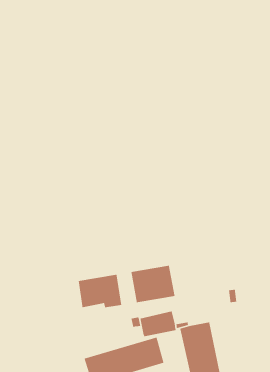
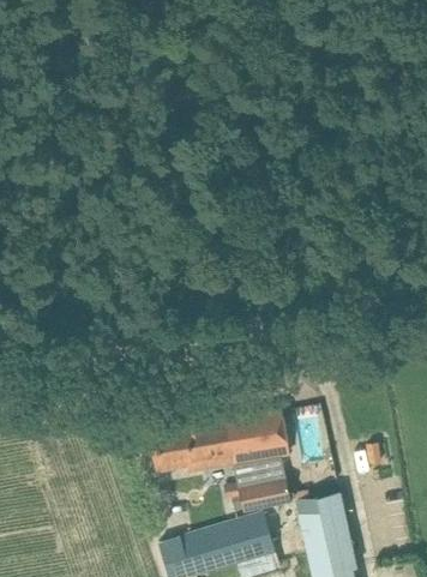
building: none -> [206,420,234,469]

